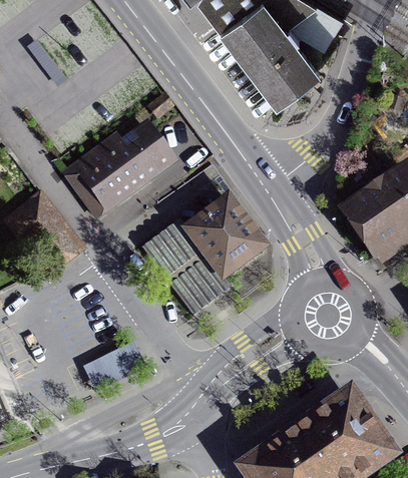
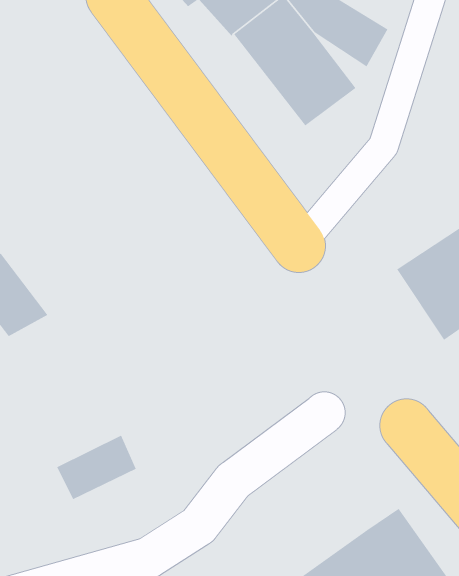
building: [64,131,167,215] -> none
building: [145,201,262,308] -> none

